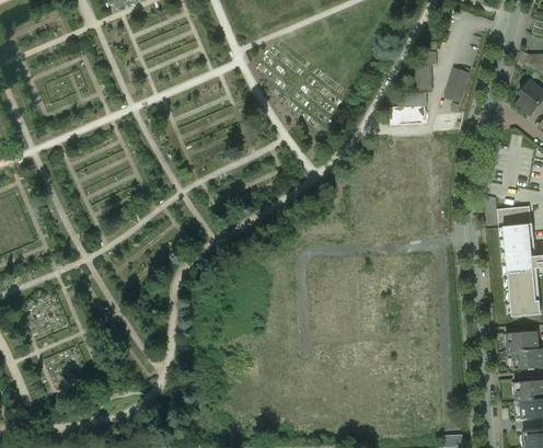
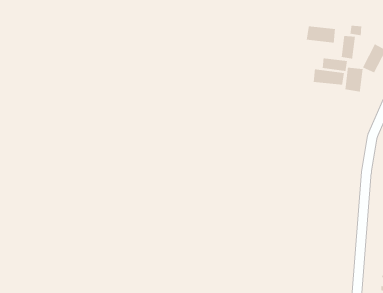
building: none -> [306,25,336,44]
building: none -> [345,67,364,92]

